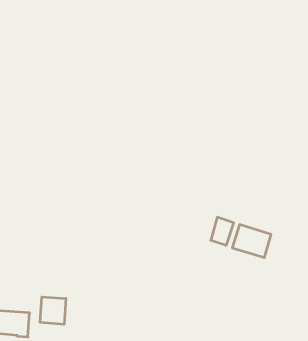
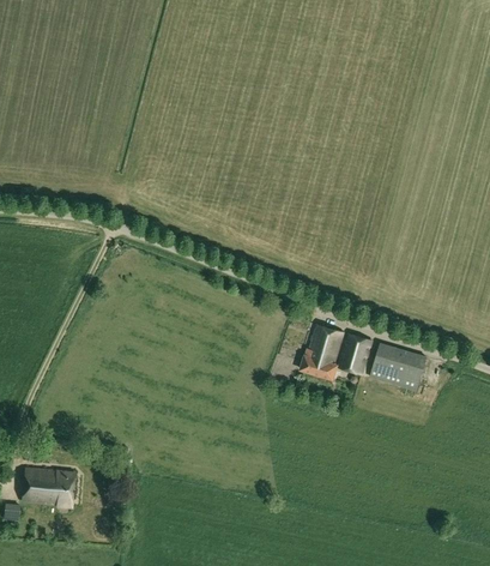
building: none -> [302,324,344,378]
building: [40,297,66,324] -> none

